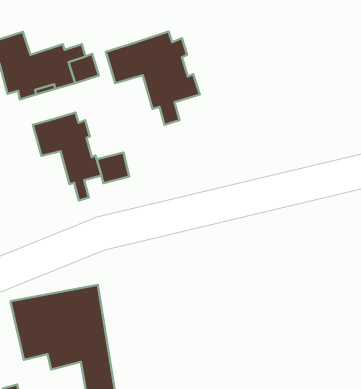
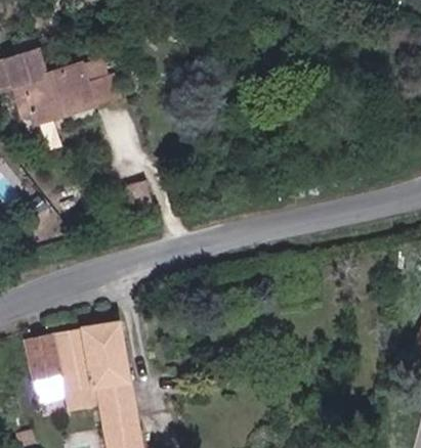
building: [106,32,200,125] -> none
building: [33,112,101,200] -> none

